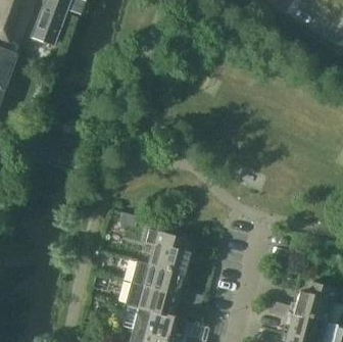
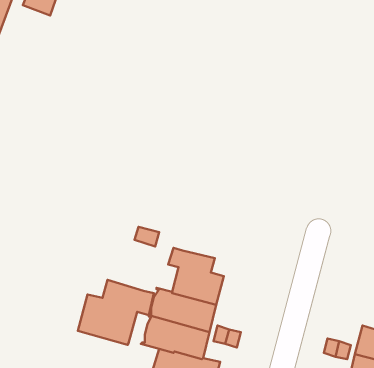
building: none -> [78,280,154,345]

